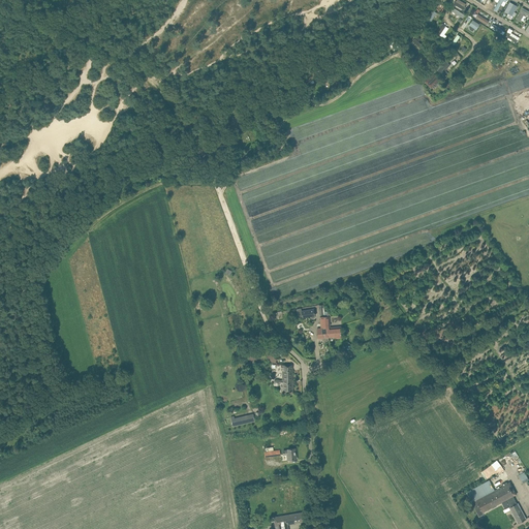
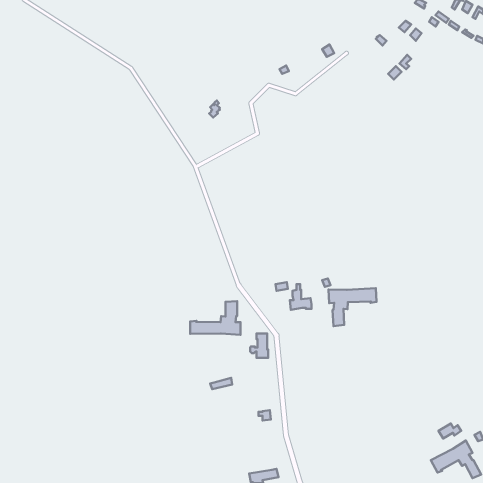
building: none -> [328,288,376,326]
building: none -> [190,301,241,335]

